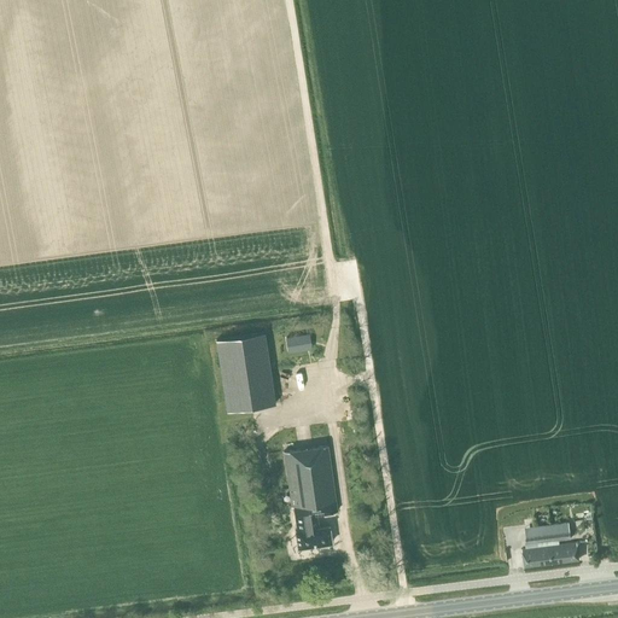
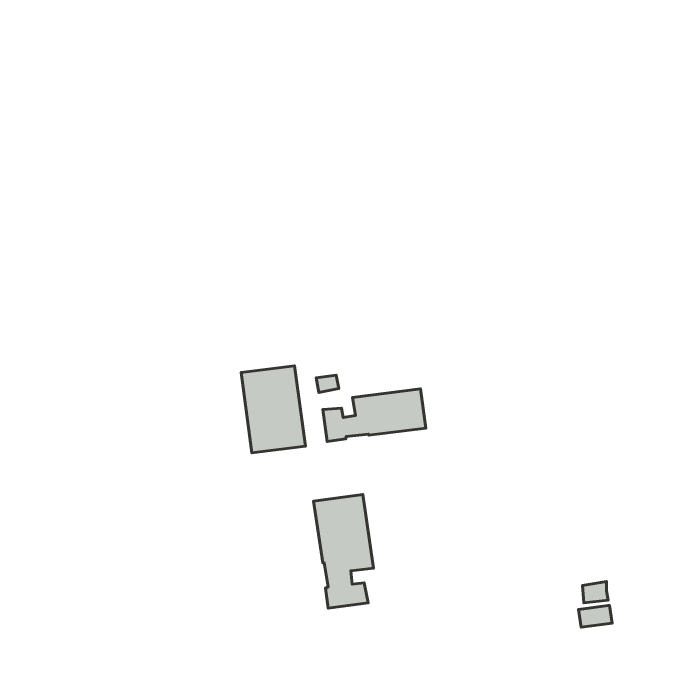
building: none -> [323,389,426,441]
building: [548,524,579,564] -> none

